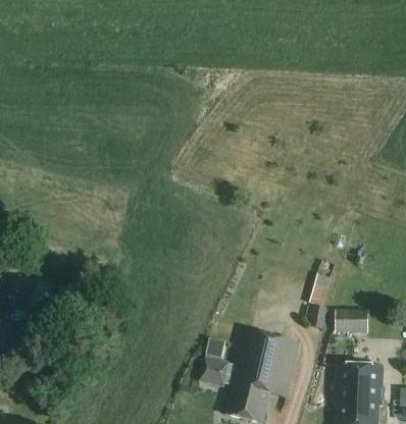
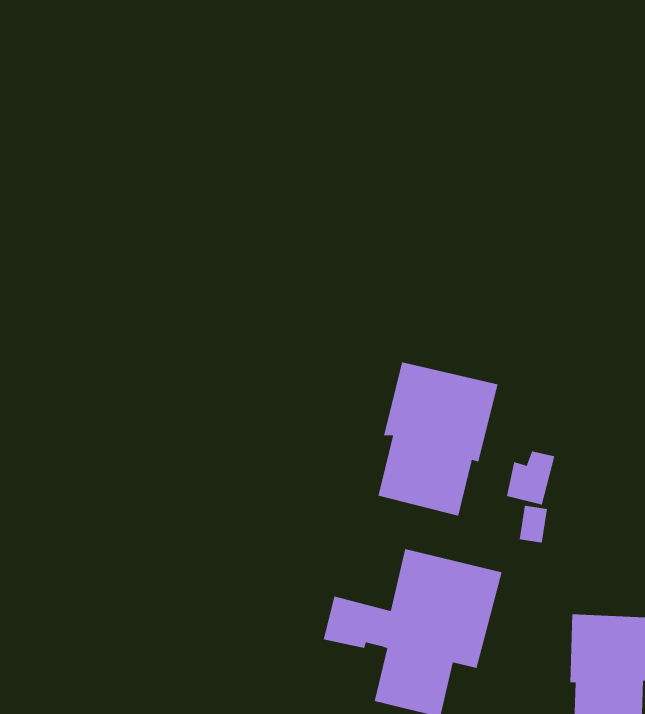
building: none -> [378,361,498,517]
building: [334,307,367,332] -> none

